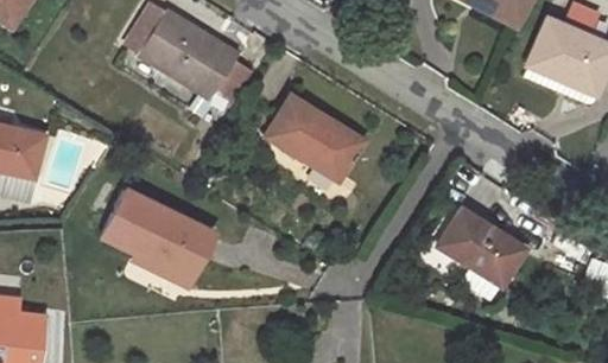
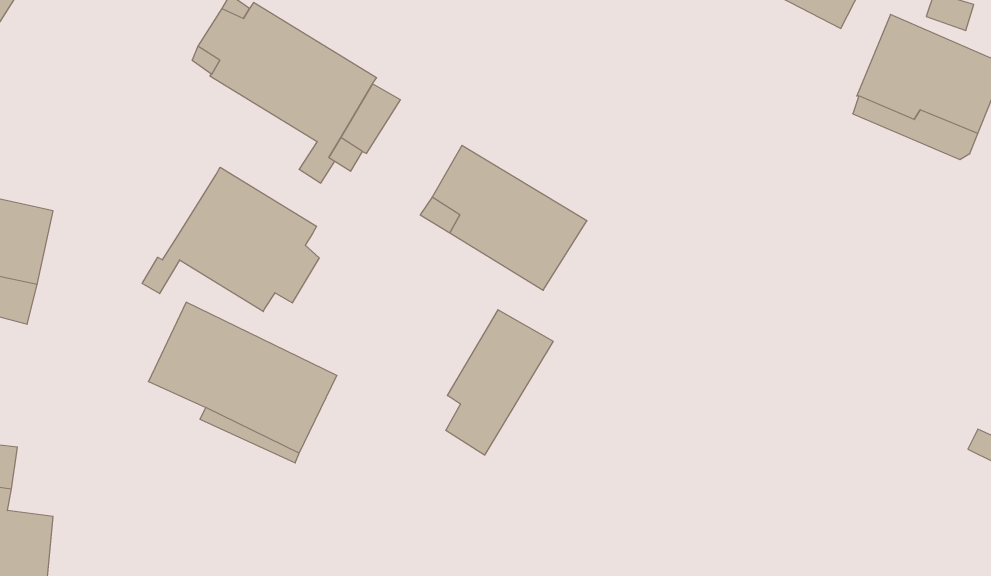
building: none -> [142,167,319,312]
building: none -> [446,310,553,455]
building: [437,206,525,299] -> none

